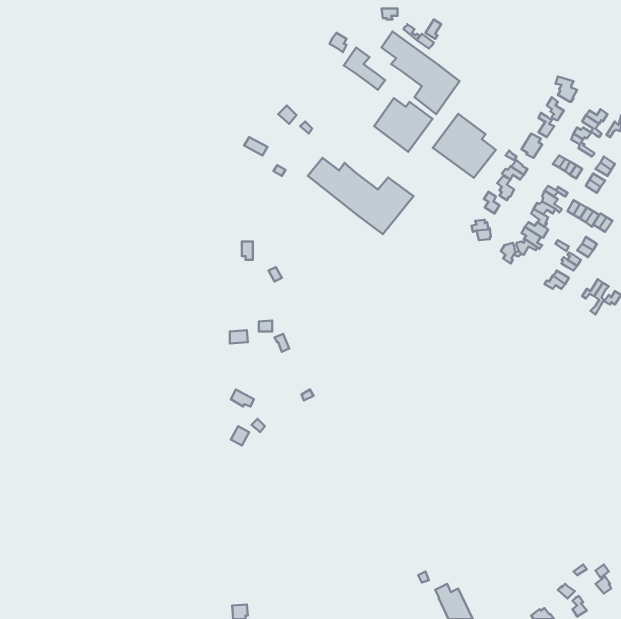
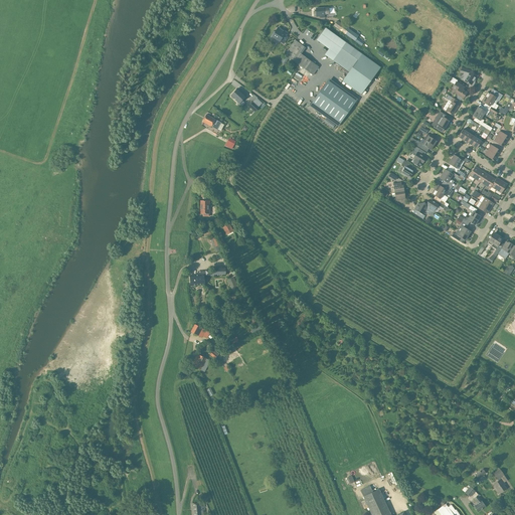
building: [433,114,496,178] -> none
building: [308,158,414,234] -> none

